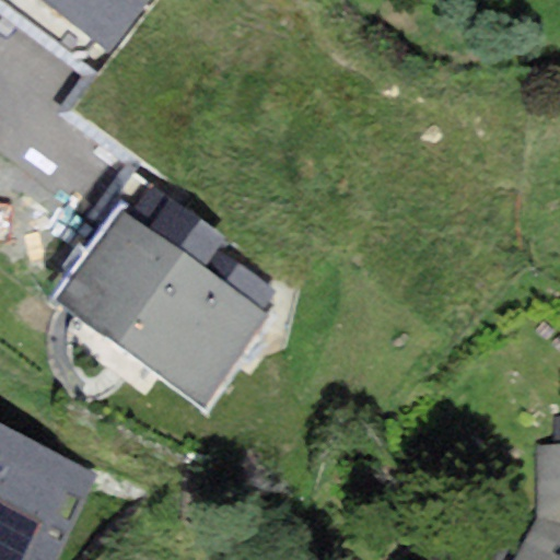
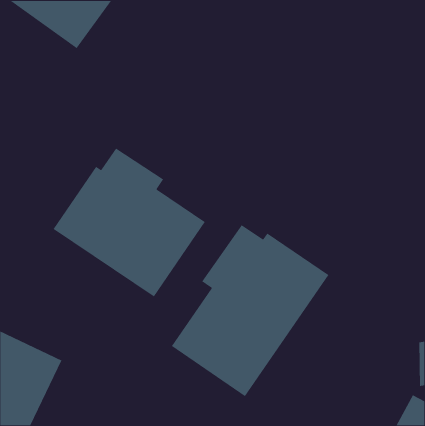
building: none -> [171,224,329,397]

